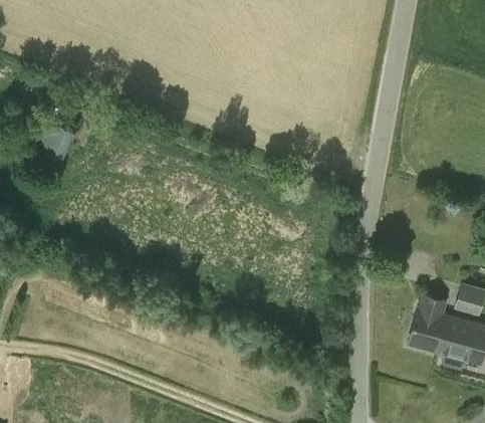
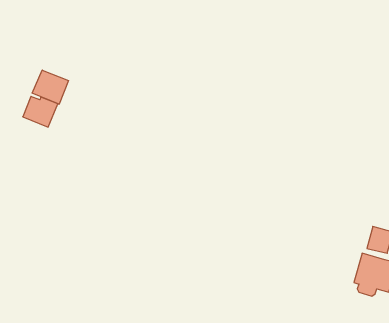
building: none -> [32,70,68,104]
building: [410,293,449,352] -> none

